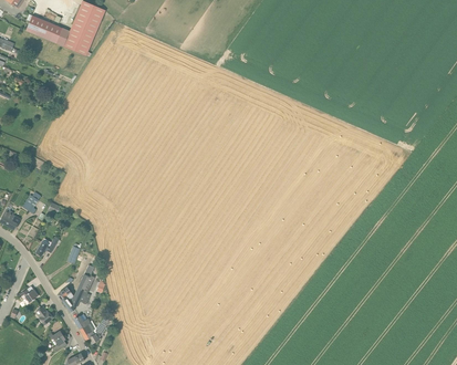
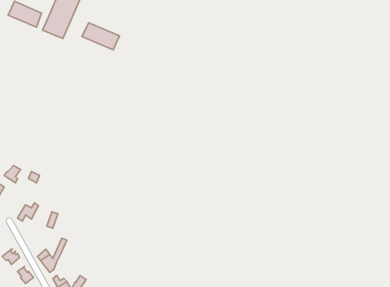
building: none -> [82,23,119,50]

